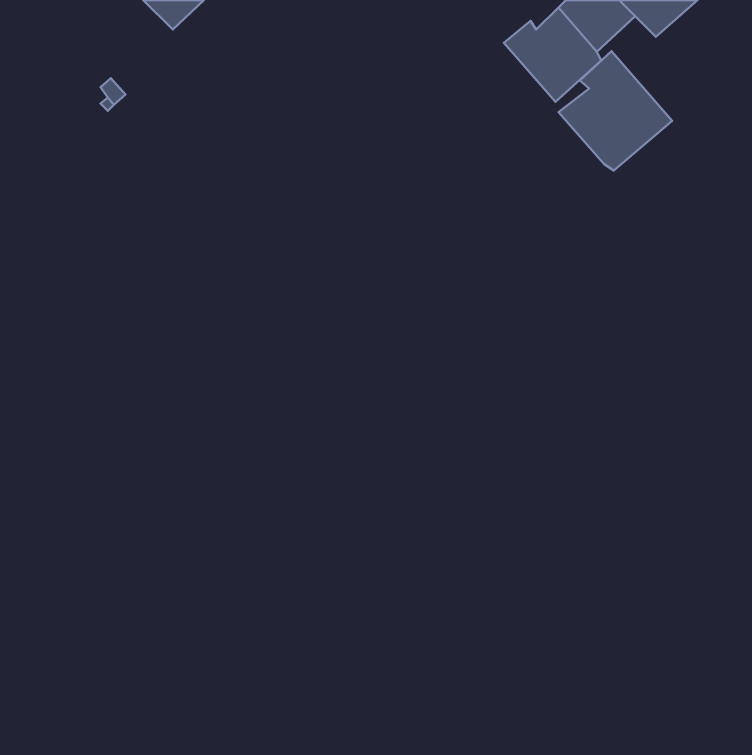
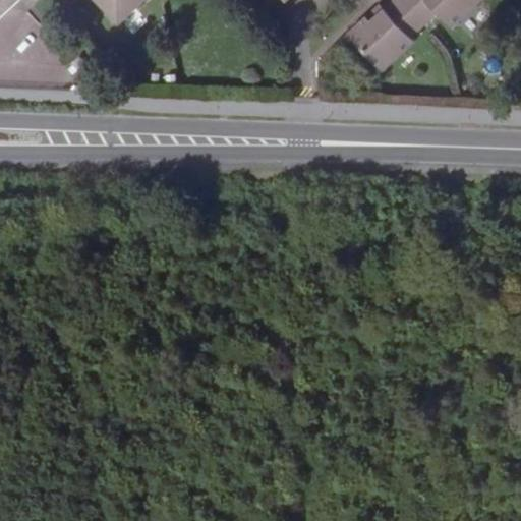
building: [558,51,672,171] -> none

